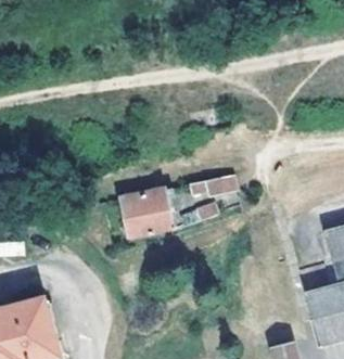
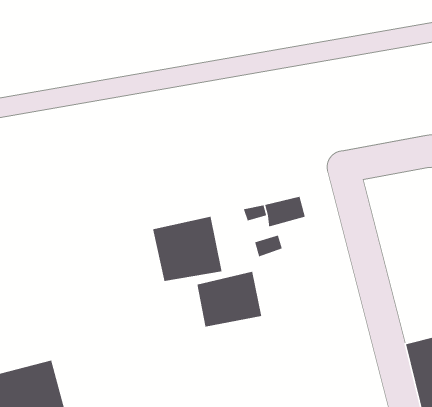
building: none -> [197,271,262,328]

